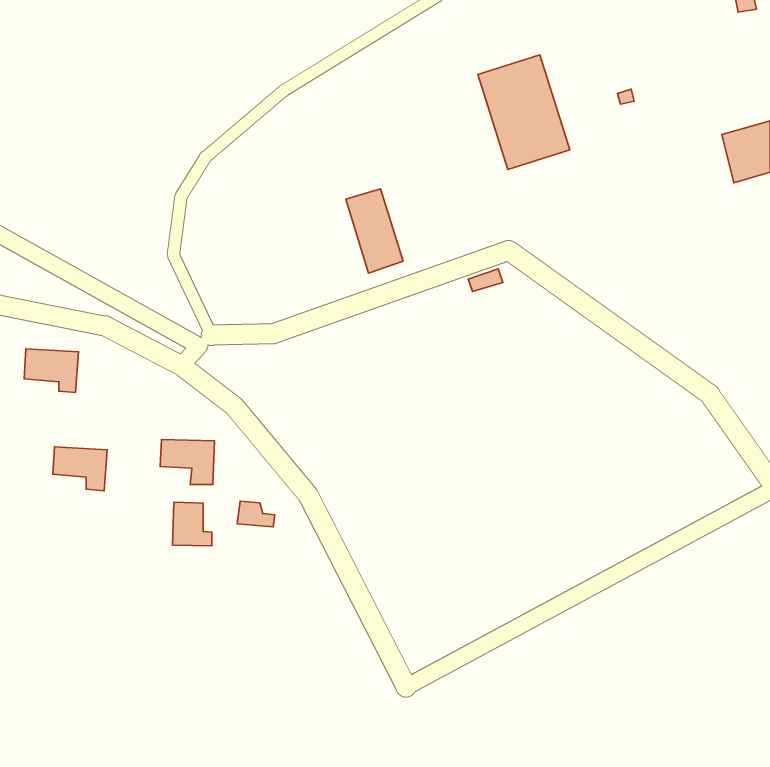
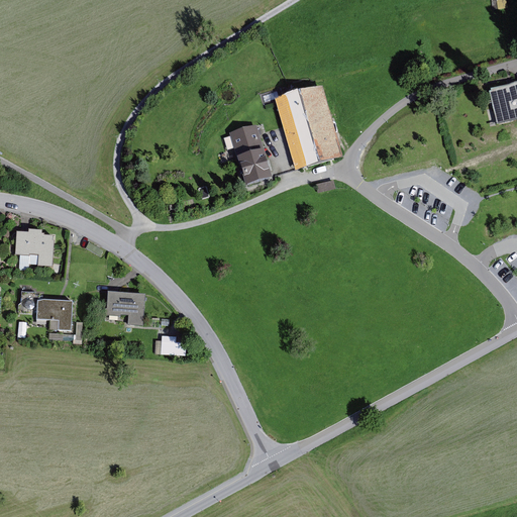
building: [478,55,570,170] -> [278,88,339,165]
building: [172,502,212,546] -> none

